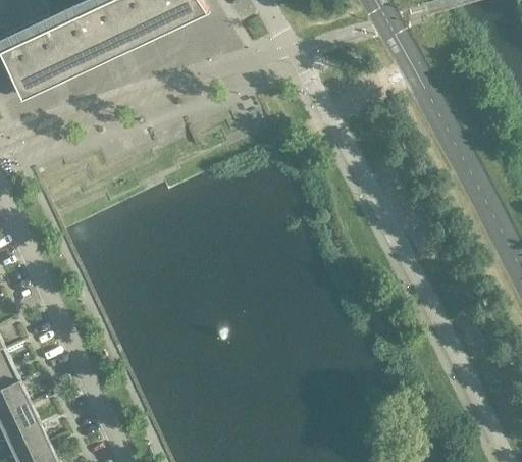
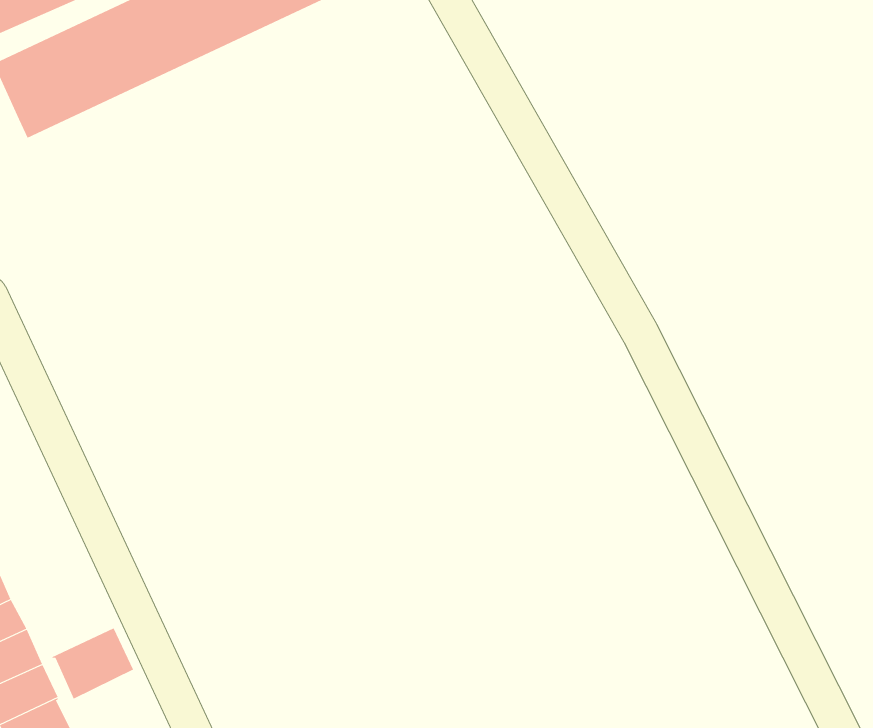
building: none -> [51,627,134,700]

